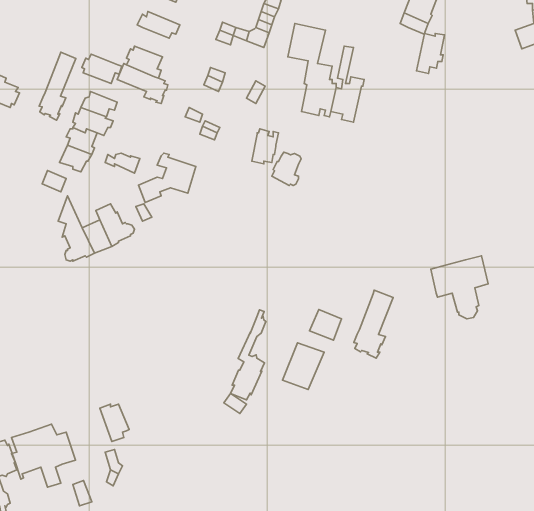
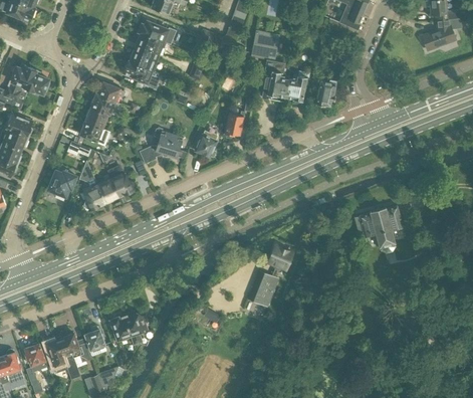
building: [416,33,445,74] -> [315,78,336,109]
building: [39,52,76,120] -> none
building: [82,54,122,83] -> [136,33,166,55]
building: [272,152,301,185] -> [196,132,218,157]
building: none -> [49,168,76,197]
building: [354,290,393,358] -> none
building: [231,310,266,400] -> none
building: none -> [125,311,146,345]
building: none -> [84,325,106,356]

